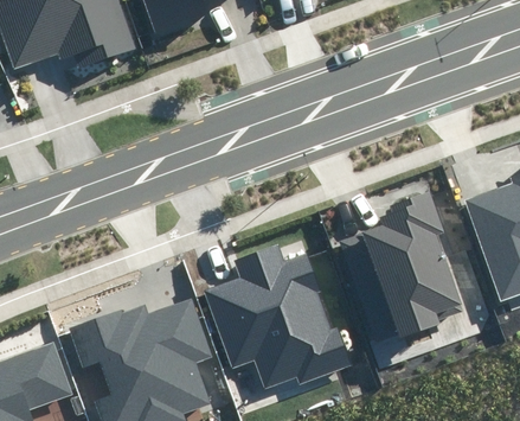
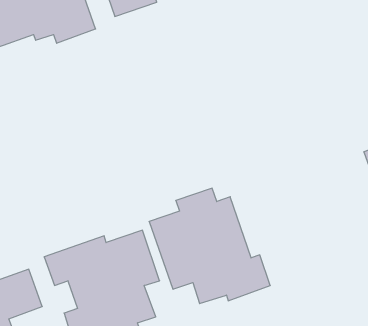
building: [362,190,464,342] -> none

